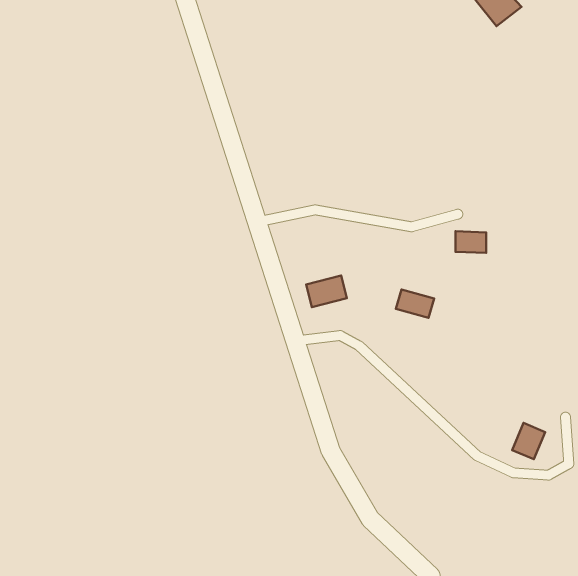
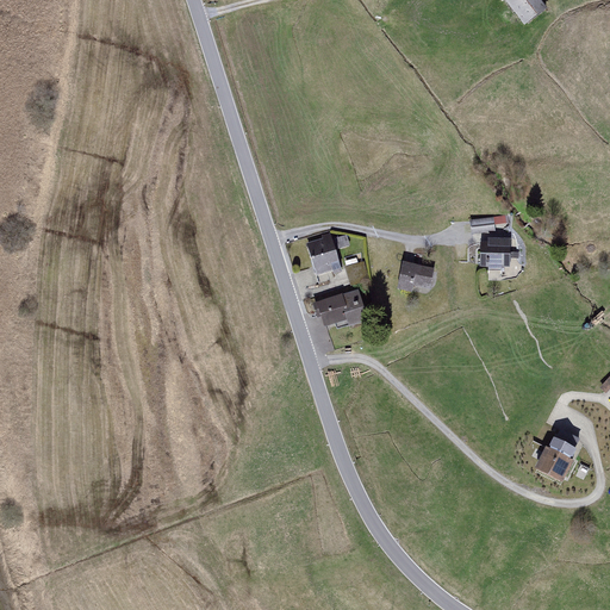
building: none -> [303,236,337,263]
building: [396,290,434,318] -> [396,257,436,287]

